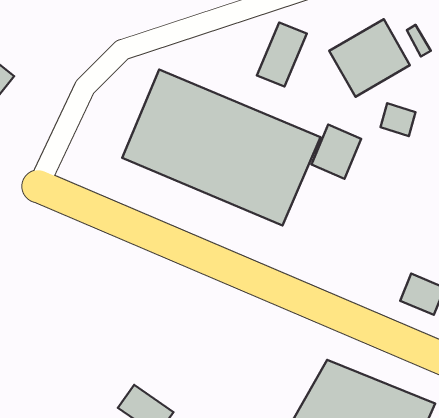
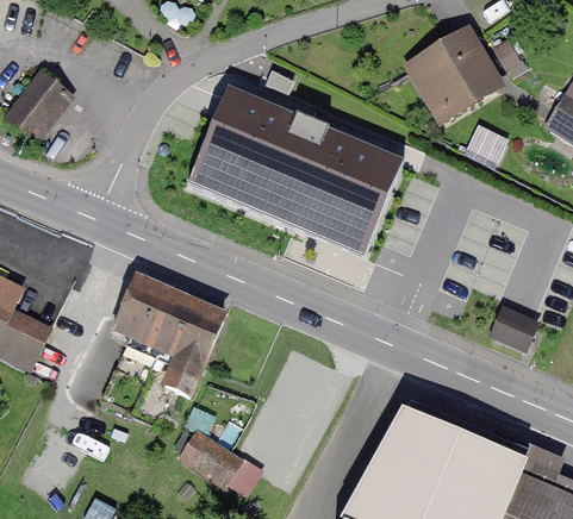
building: [257,22,307,87] -> none
building: [312,125,361,179] -> none
building: none -> [113,282,230,401]

